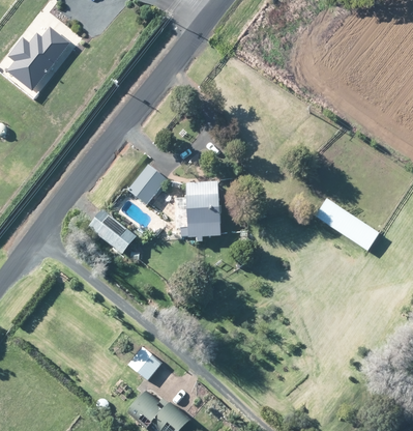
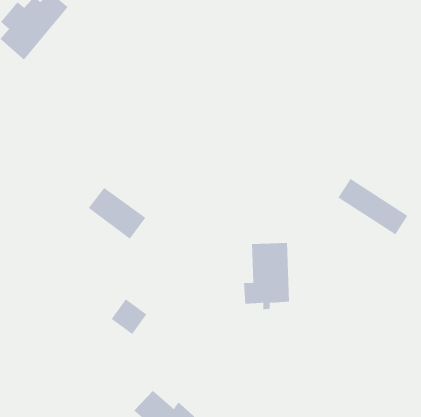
building: [128,164,166,204] -> none
building: [178,181,220,242] -> [243,243,290,310]
building: [127,346,160,379] -> [111,298,147,335]

